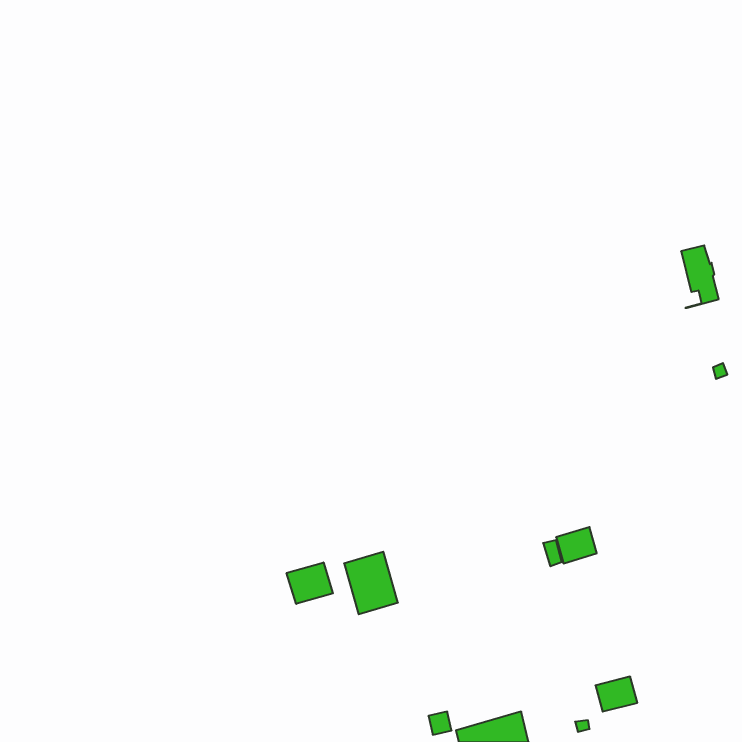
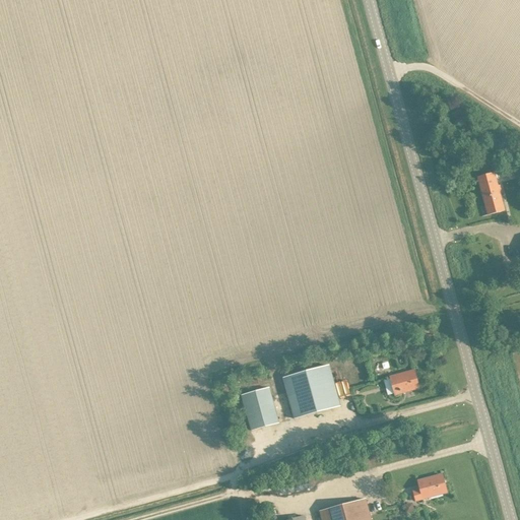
building: none -> [282,364,339,417]
building: [287,562,333,604] -> none

